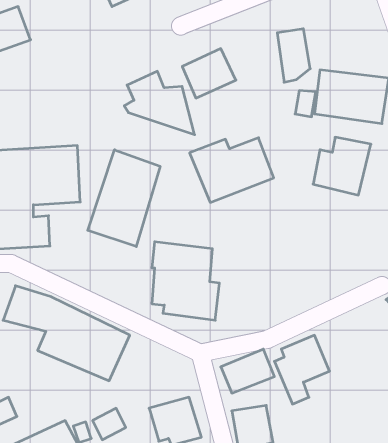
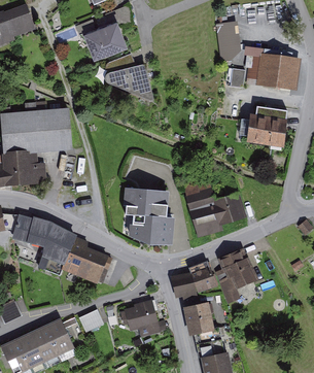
building: [182,49,236,98] -> [83,16,124,54]
building: [190,138,274,202] -> [183,188,246,236]
building: [88,150,160,247] -> none

